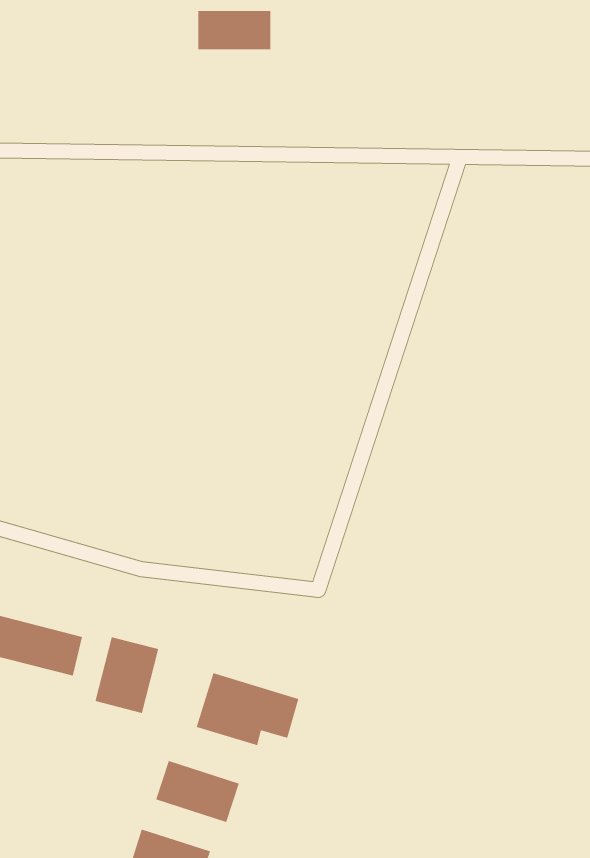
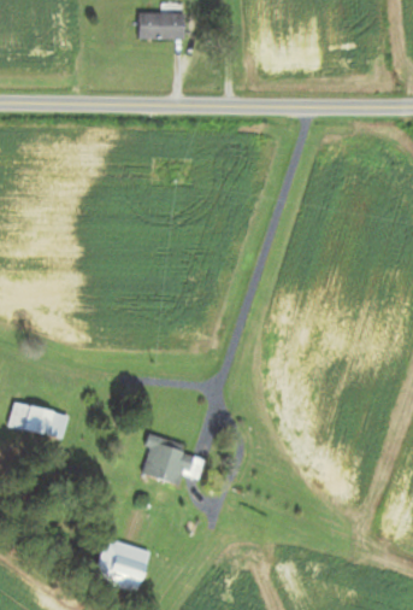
building: [95,636,159,714] -> none
building: [156,760,239,823] -> none

